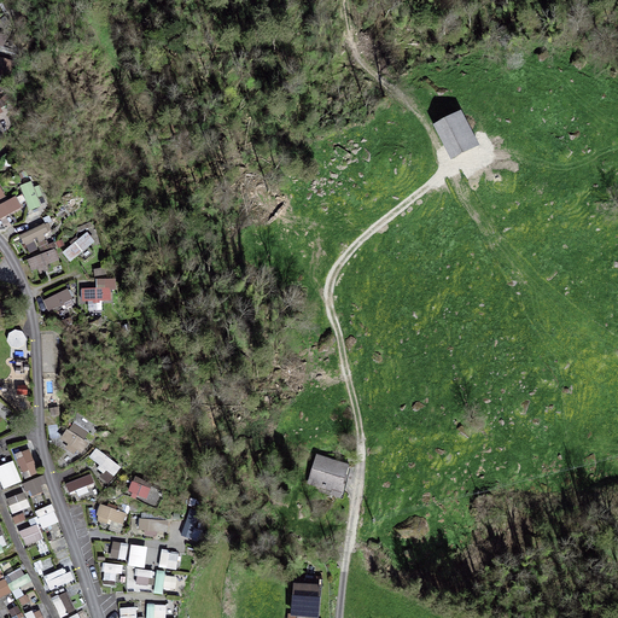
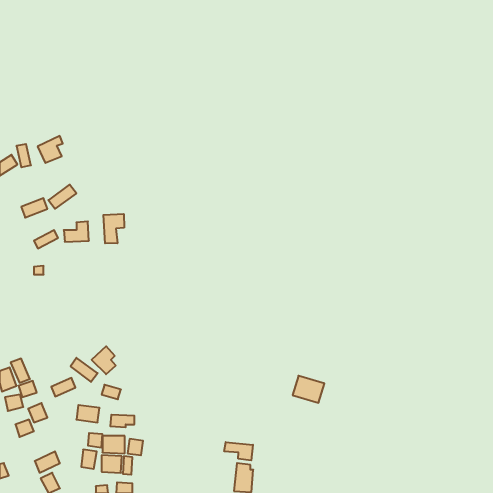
building: [432,113,478,163] -> none
building: [19,221,51,255] -> [38,136,63,163]
building: none -> [103,214,124,243]
building: [58,420,88,455] -> [92,346,116,374]
building: [308,457,348,491] -> [293,376,324,403]
building: none -> [224,442,253,460]

